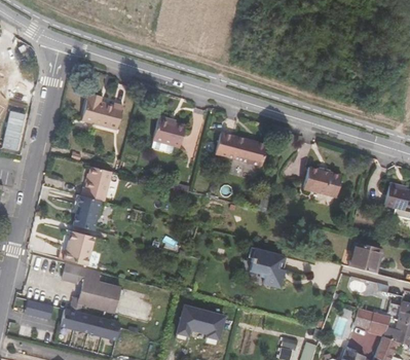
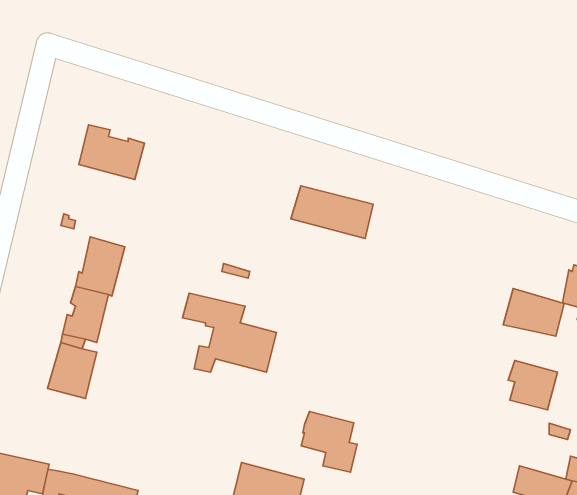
building: [150,116,185,152] -> none
building: [303,167,341,196] -> [503,289,564,336]
building: [251,249,286,287] -> [301,411,357,472]
building: [62,263,120,313] -> [183,293,276,372]

